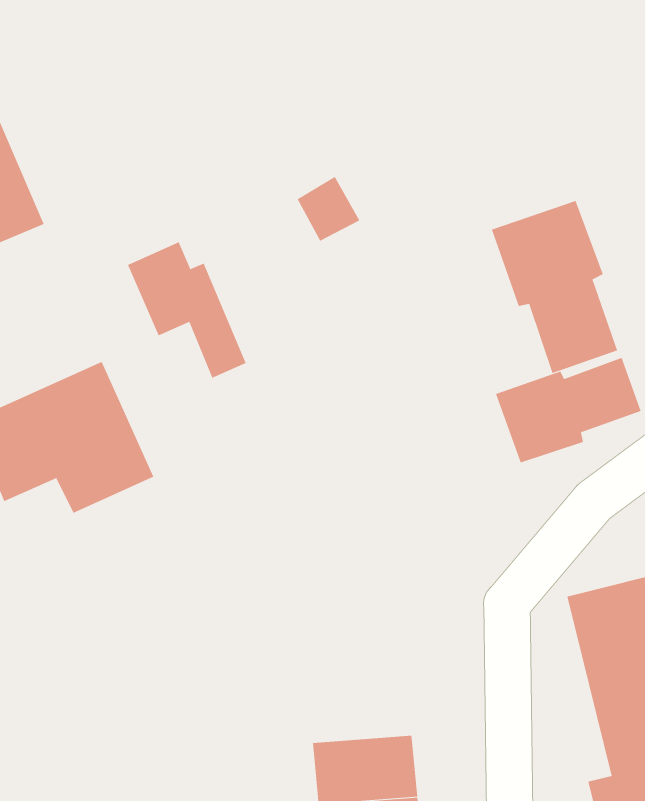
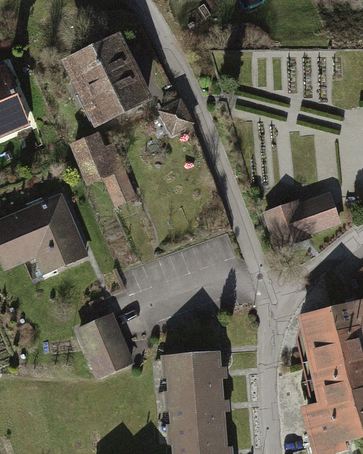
building: none -> [67,37,148,125]
building: [491,200,618,374] -> none
building: none -> [74,313,131,377]
building: none -> [164,341,220,393]

